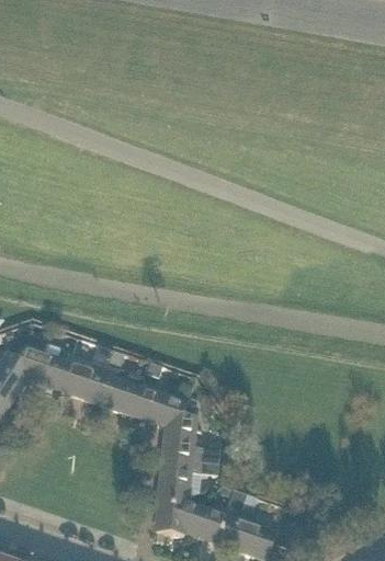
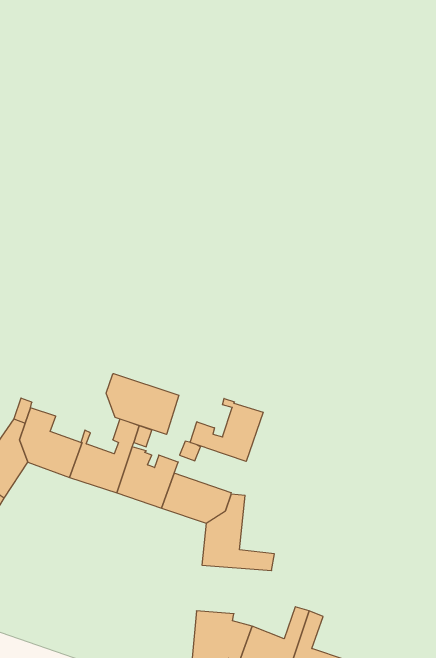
building: none -> [106,374,179,434]
building: none -> [190,398,263,461]
building: [159,458,218,496] -> none

